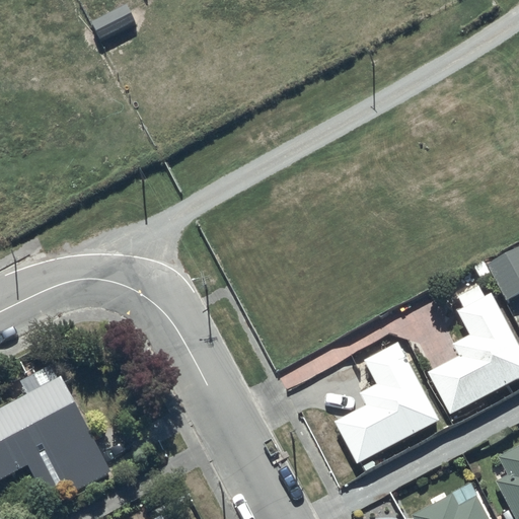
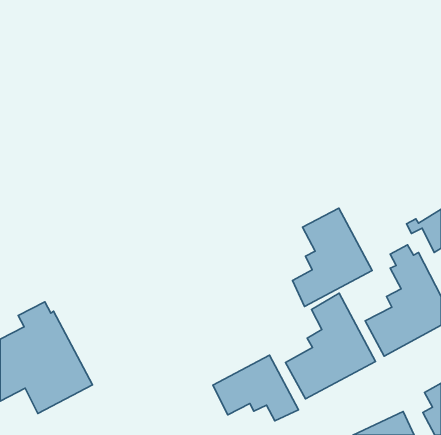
building: none -> [293,208,372,307]
building: none -> [213,355,298,421]

